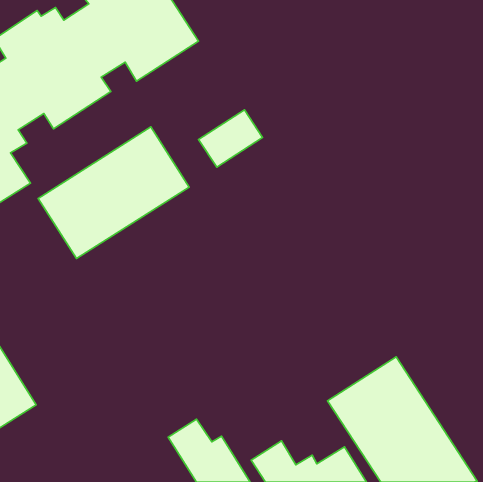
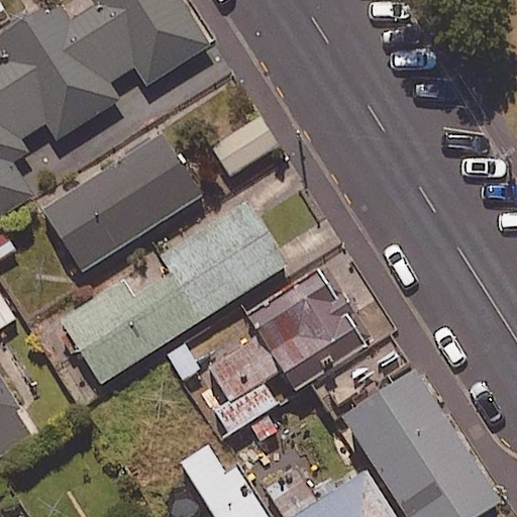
building: none -> [60,203,287,383]
building: none -> [206,272,365,433]

